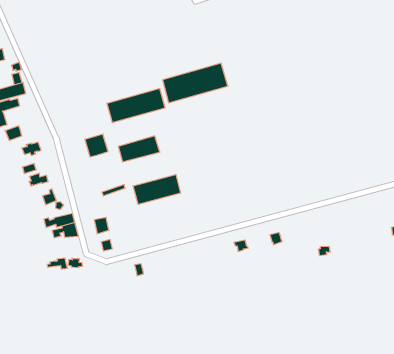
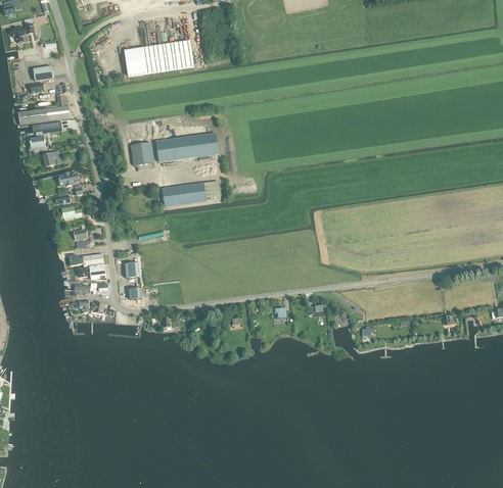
building: [163,63,228,103] -> [124,41,193,76]
building: [85,134,108,157] -> [130,142,153,164]
building: [133,174,181,204] -> none

